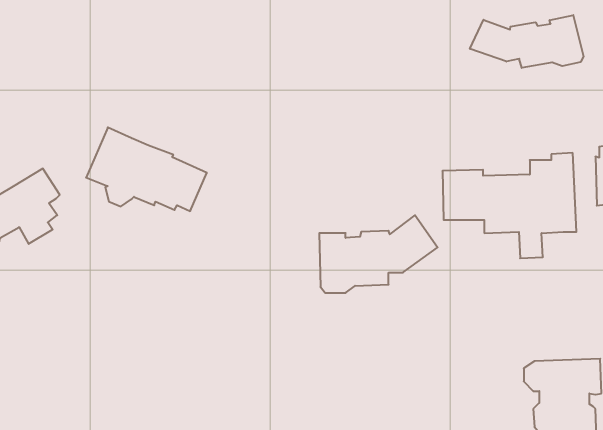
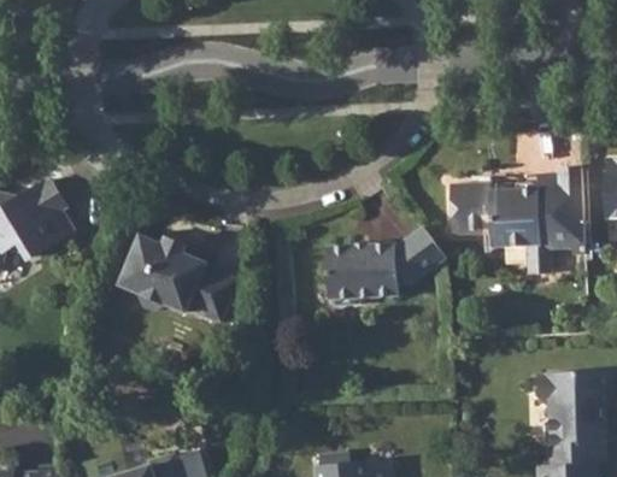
building: [470,15,584,68] -> none
building: [86,127,207,211] -> [116,235,237,319]

